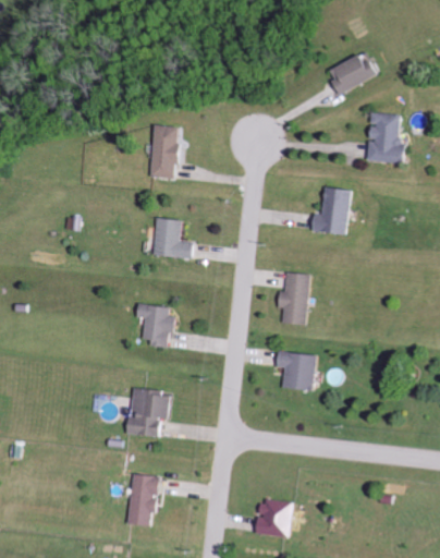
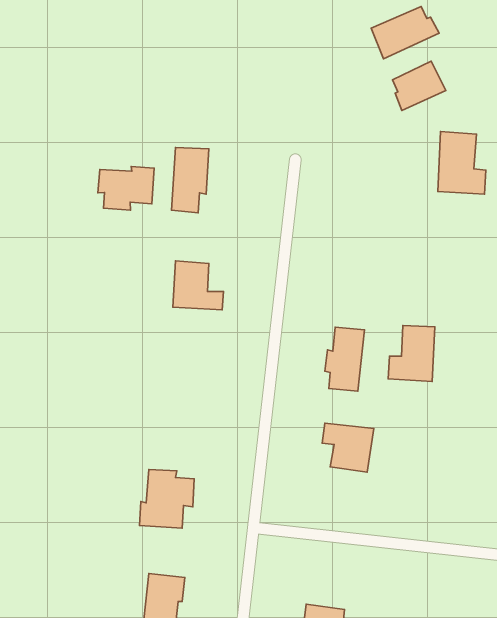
building: none -> [371,7,439,59]
building: none -> [98,167,154,210]
building: [310,187,349,233] -> [388,326,435,381]
building: [135,302,173,347] -> none

